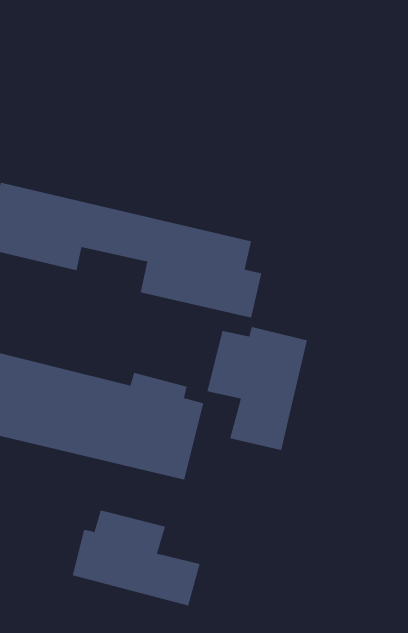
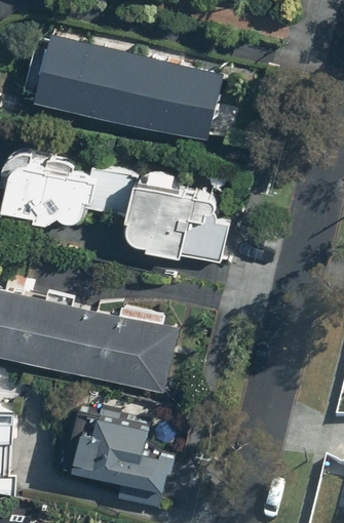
building: none -> [35,36,224,143]
building: [207,326,307,451] -> none

